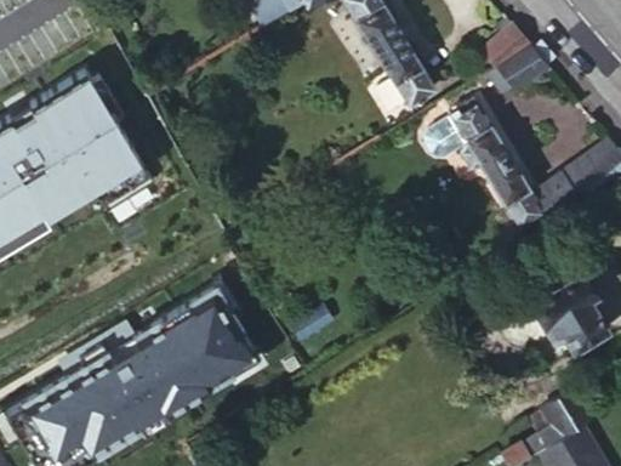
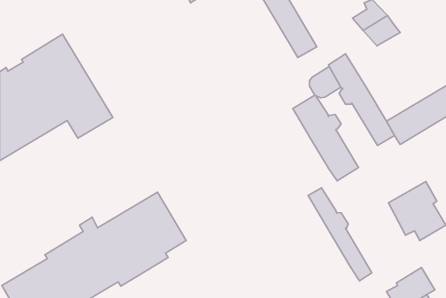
building: none -> [293,95,358,181]
building: none -> [308,188,372,281]

